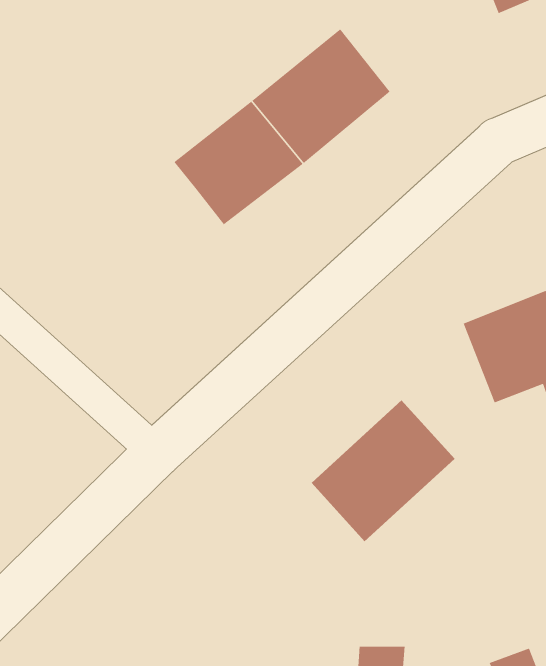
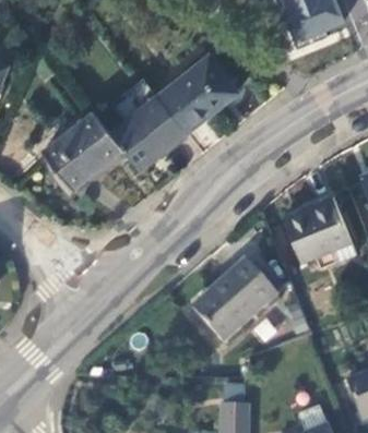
building: none -> [43,104,123,181]

